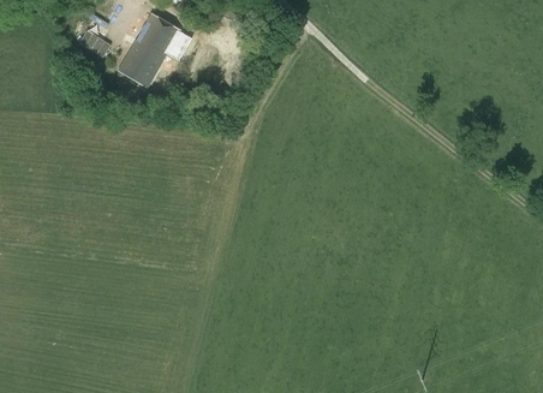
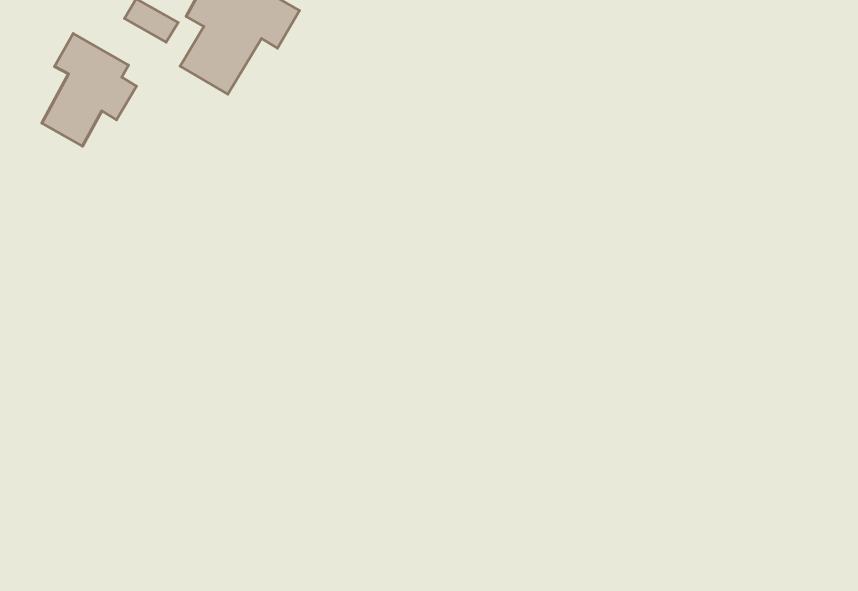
building: none -> [42,34,137,146]

